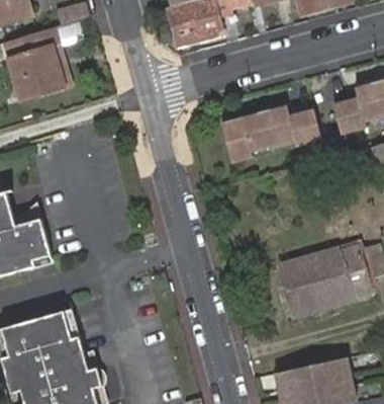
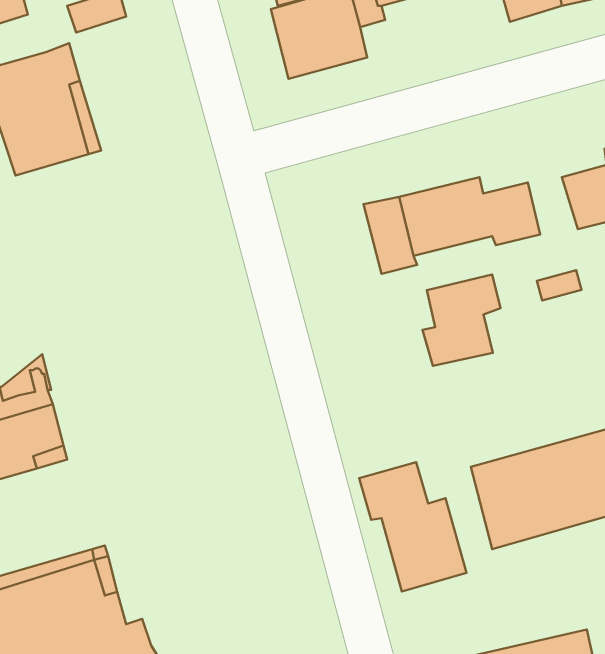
building: none -> [423,274,501,366]
building: none -> [359,462,467,591]

